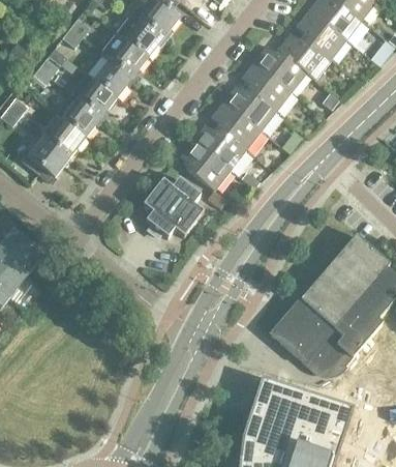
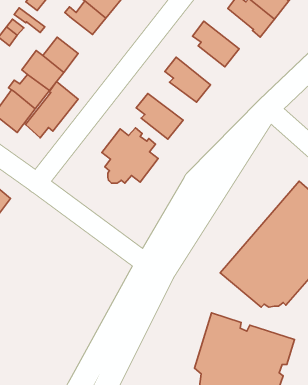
building: [253,45,307,90] -> none
building: [94,57,132,95] -> none
building: [223,84,276,129] -> none
building: [192,123,245,168] -> none
building: none -> [25,82,78,138]

